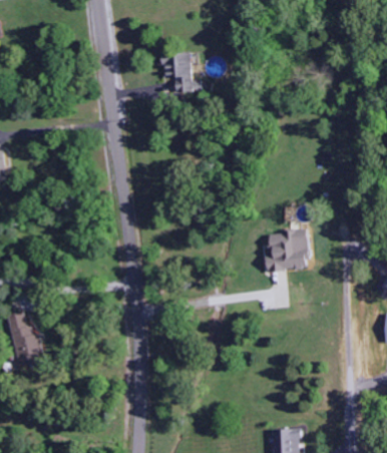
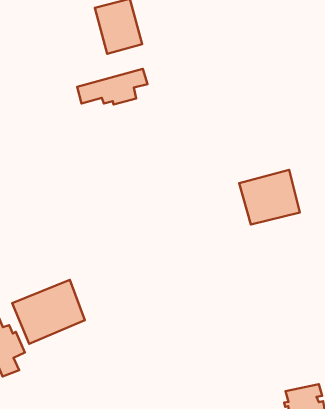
building: none -> [77,69,148,104]
building: none -> [12,280,85,344]

